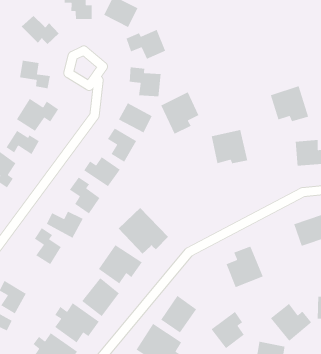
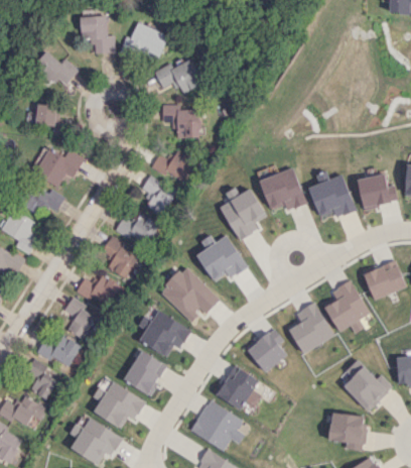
building: [270,85,309,122] -> [309,174,357,218]
building: [160,91,200,135] -> [221,189,267,240]
building: none -> [196,235,248,281]
building: none -> [323,279,369,333]
building: none -> [36,335,82,367]
building: [210,311,245,349] -> [246,328,286,373]

